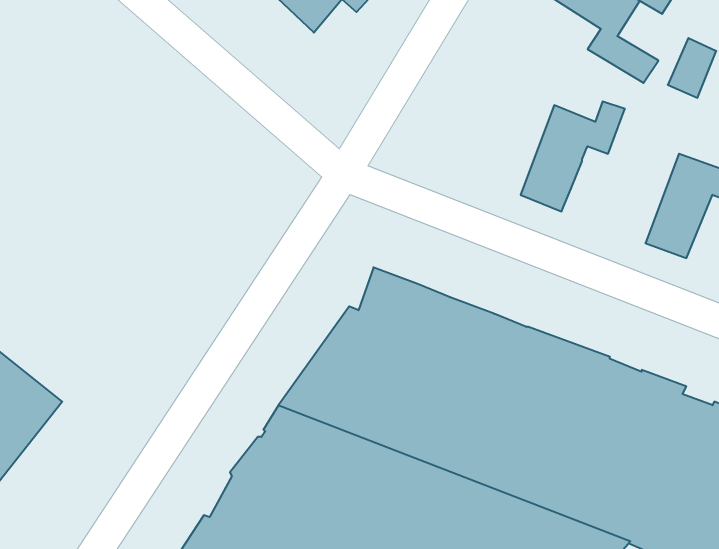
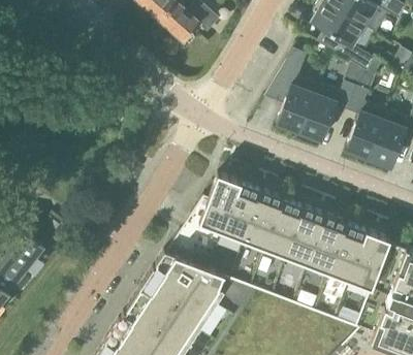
building: none -> [265,49,318,133]
building: none -> [346,86,387,162]

